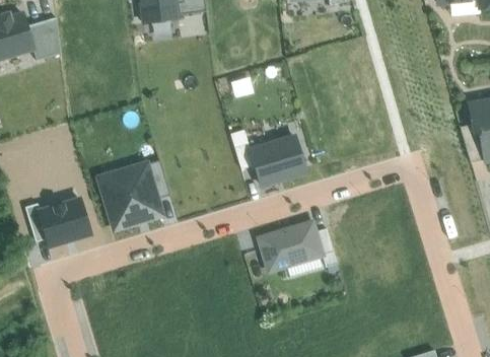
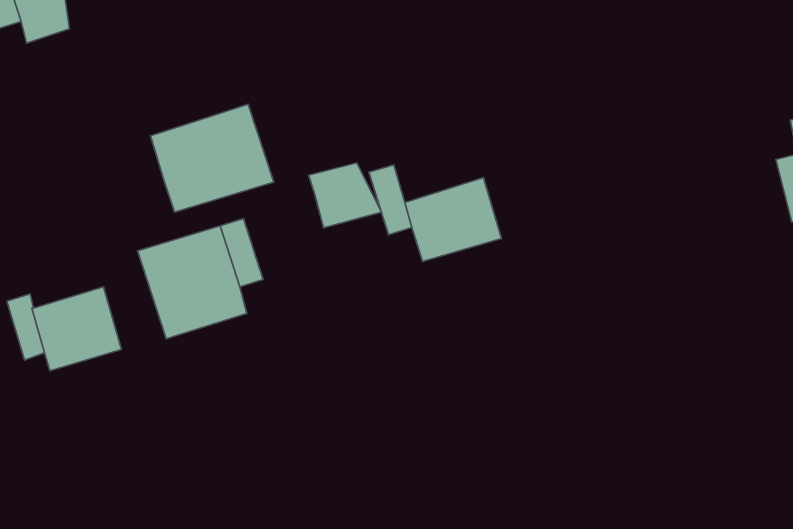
building: none -> [150,104,274,212]
building: none -> [308,163,381,228]
building: [259,222,323,272] -> none

